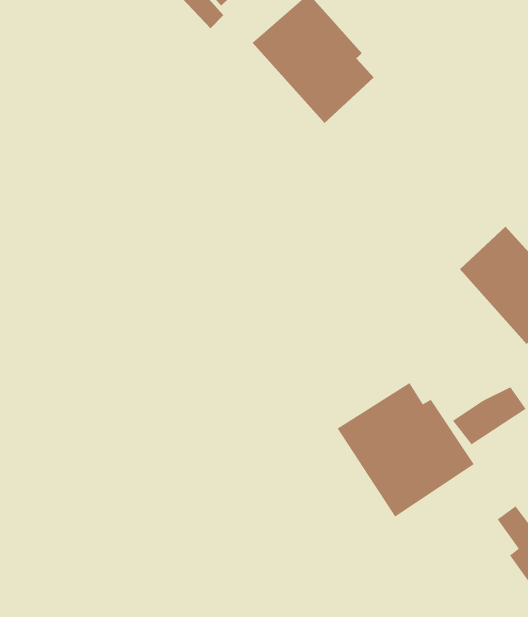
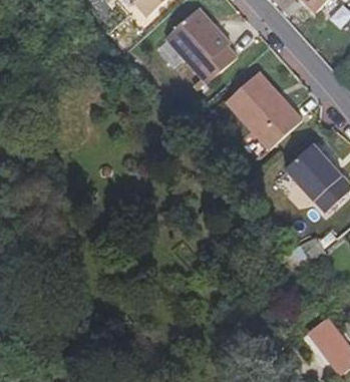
building: none -> [227,72,303,150]
building: [337,382,475,517] -> none

